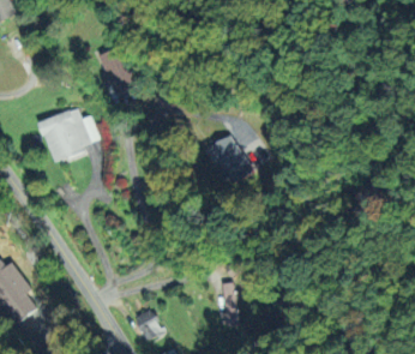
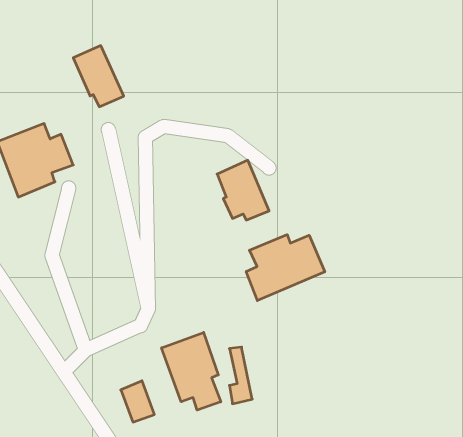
building: none -> [246,235,325,301]
building: none -> [162,332,221,410]

